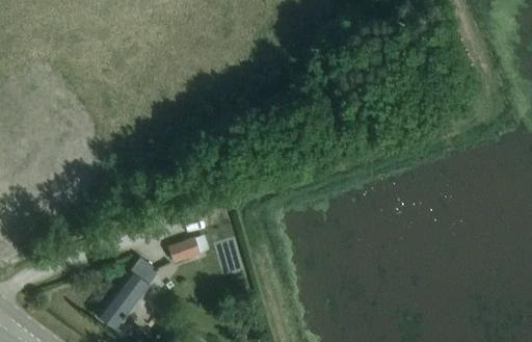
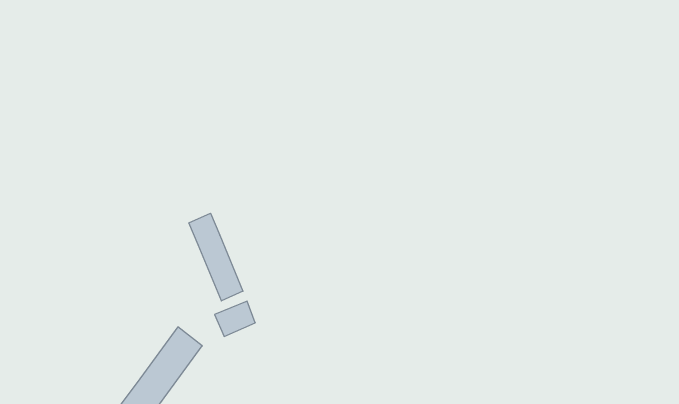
building: none -> [189,213,243,301]

